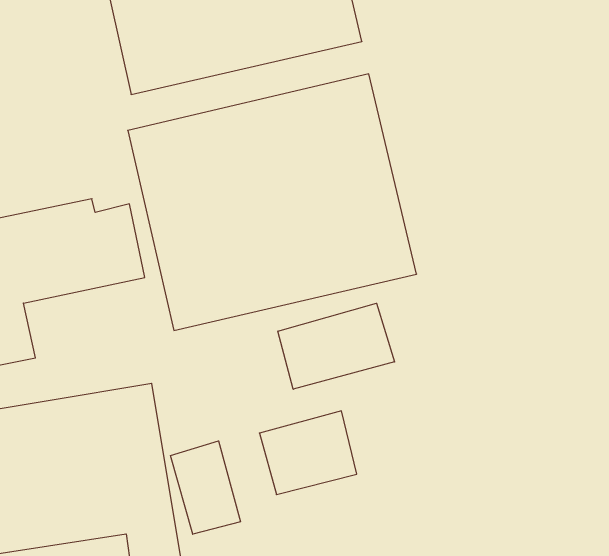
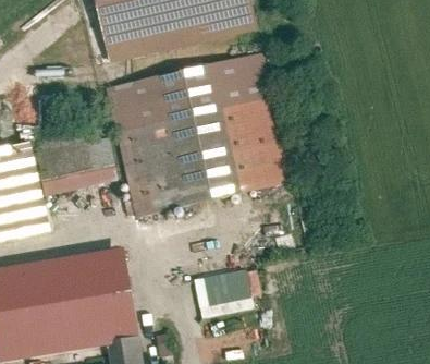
building: [278,303,395,389] -> none
building: [170,441,240,534] -> none

